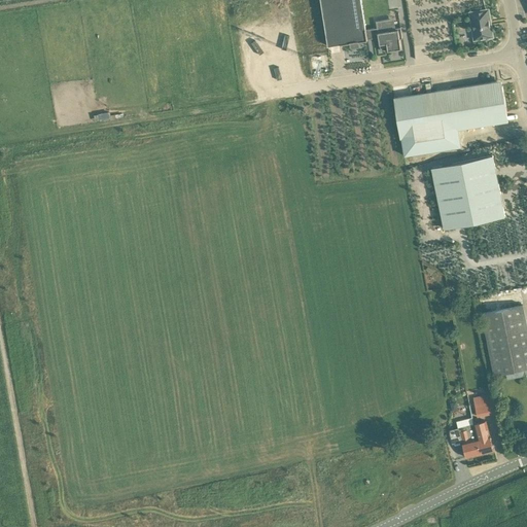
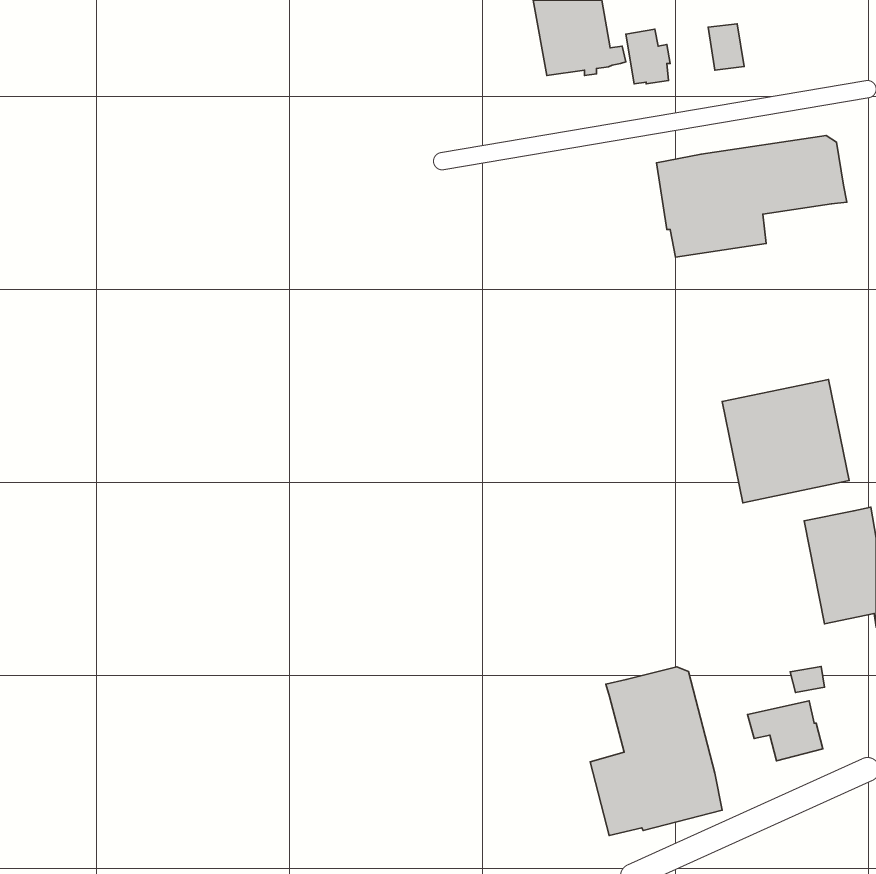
building: [470,11,492,39] -> [708,24,744,70]
building: [428,155,504,230] -> [722,379,849,503]
building: none -> [590,667,722,836]

